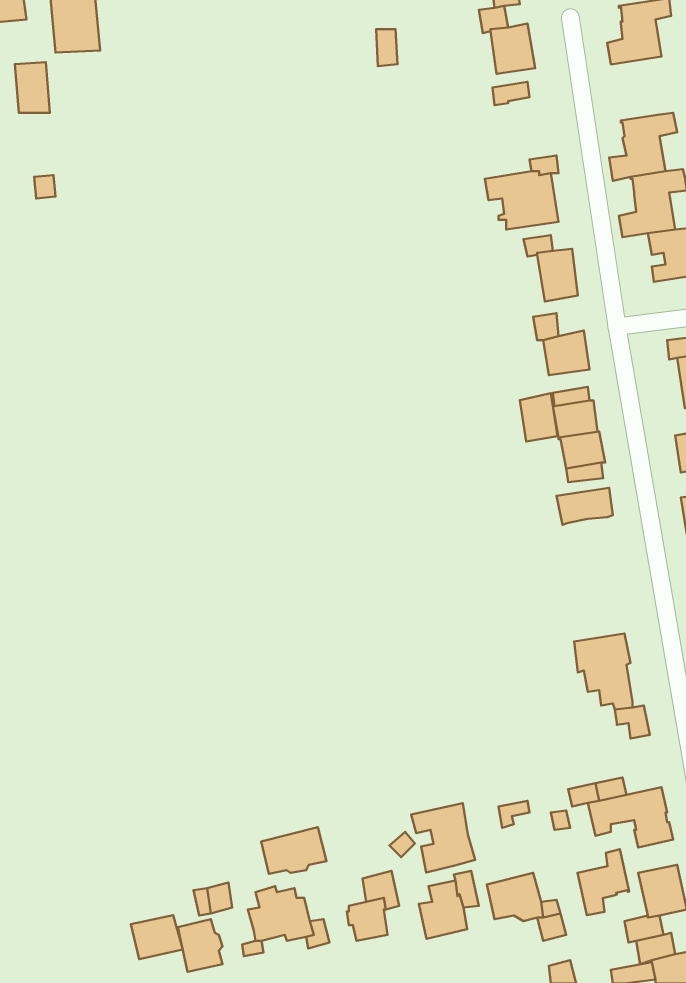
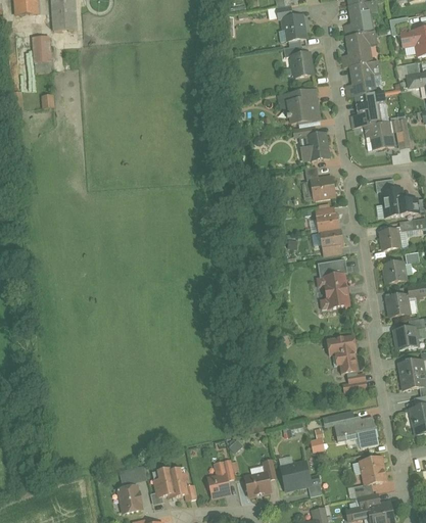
building: none -> [340,32,376,66]
building: none -> [291,52,312,77]
building: [520,393,557,441] -> none
building: none -> [320,274,348,308]
building: [411,803,475,873] -> none
building: [261,827,326,874] -> none
building: [578,849,629,915] -> none
building: [131,915,183,959] -> none

